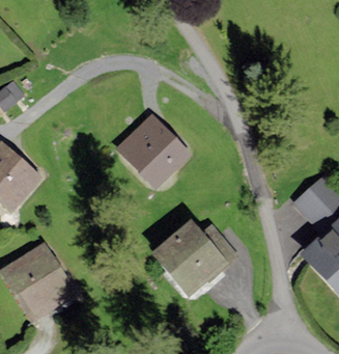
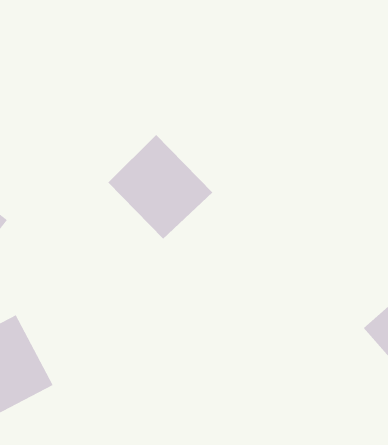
building: [151,219,227,294] -> none

